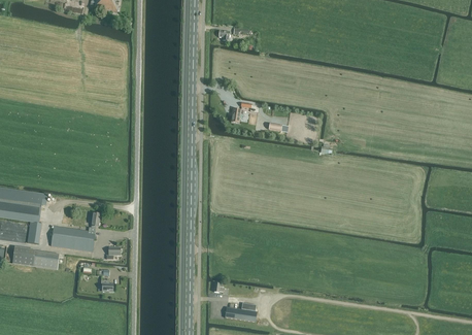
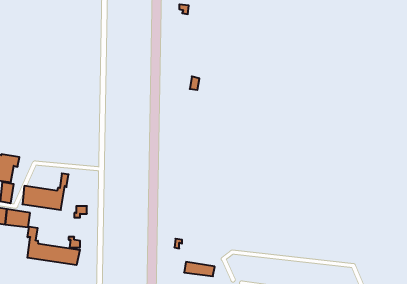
building: none -> [27,227,80,265]

